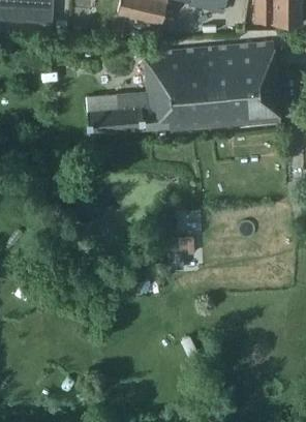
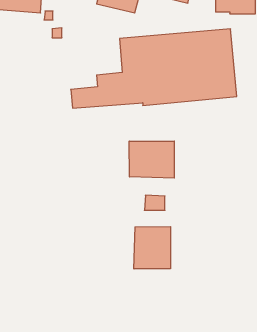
building: none -> [129,141,174,178]
building: none -> [134,227,170,269]

